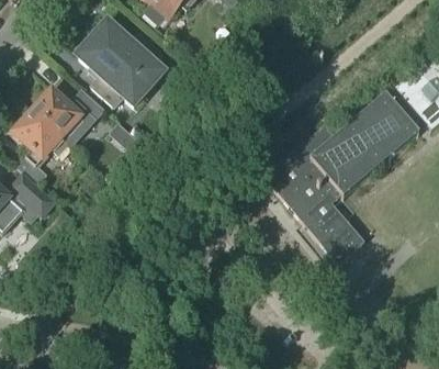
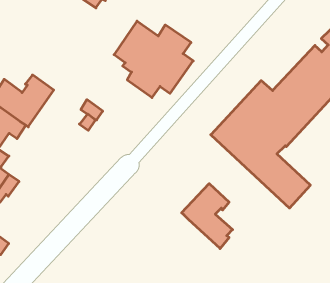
building: [78,22,161,105] -> [114,21,193,98]
building: none -> [182,184,233,249]

